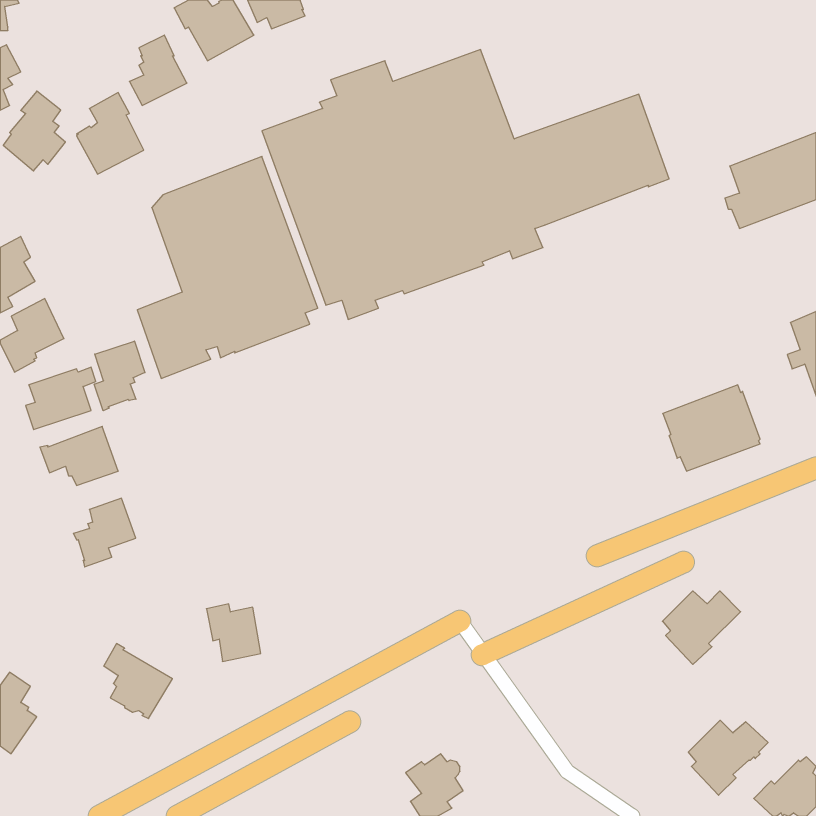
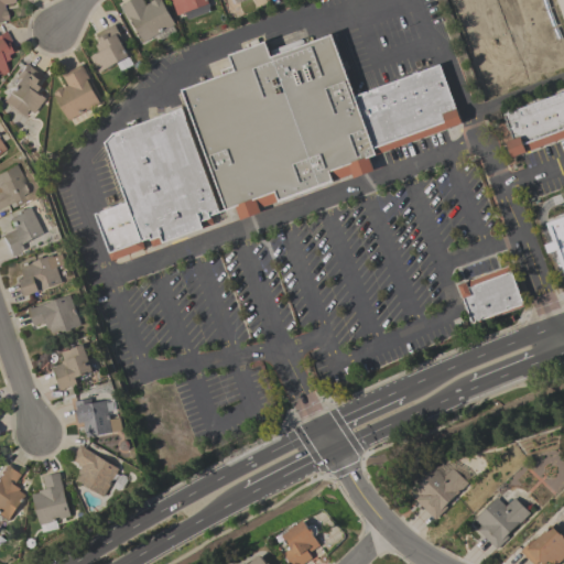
building: [94,341,145,411] -> none
building: [662,591,741,664] -> [413,468,467,519]
building: [206,604,261,661] -> [75,398,112,437]
building: none -> [31,471,70,533]

